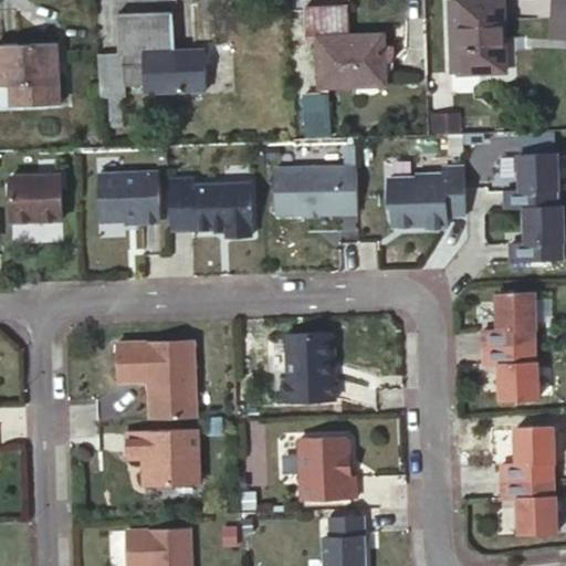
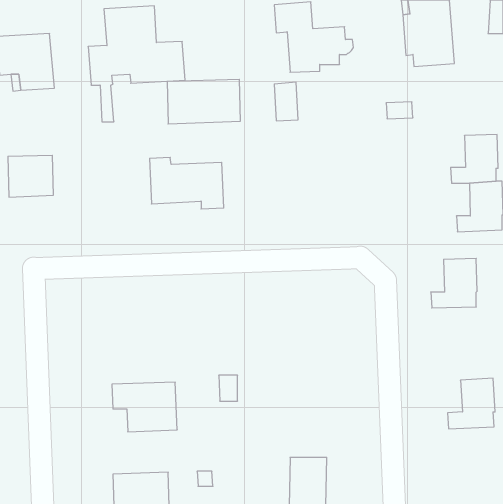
building: [274,167,356,217] -> [167,79,240,124]
building: [387,168,464,229] -> none
building: [97,171,157,222] -> none
building: [281,332,334,401] -> none
building: [116,340,195,419] -> none
building: [482,345,536,399] -> none
building: [298,438,355,500] -> none
building: [501,479,555,534] -> none

